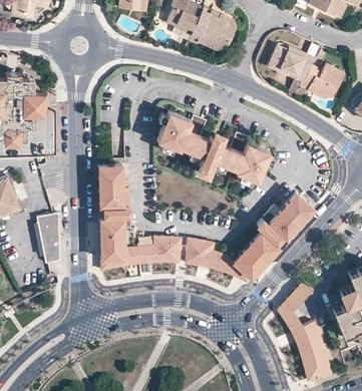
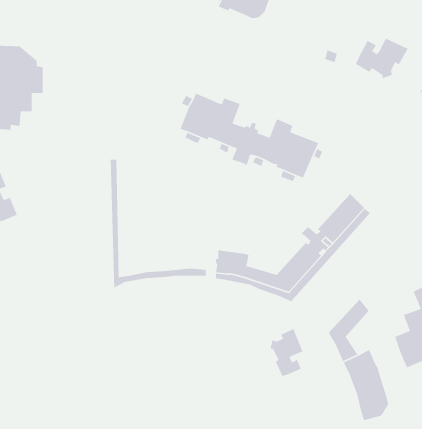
building: [270,45,316,83] -> none
building: [106,165,182,262] -> none
building: [36,213,60,264] -> none
building: none -> [269,328,303,377]

